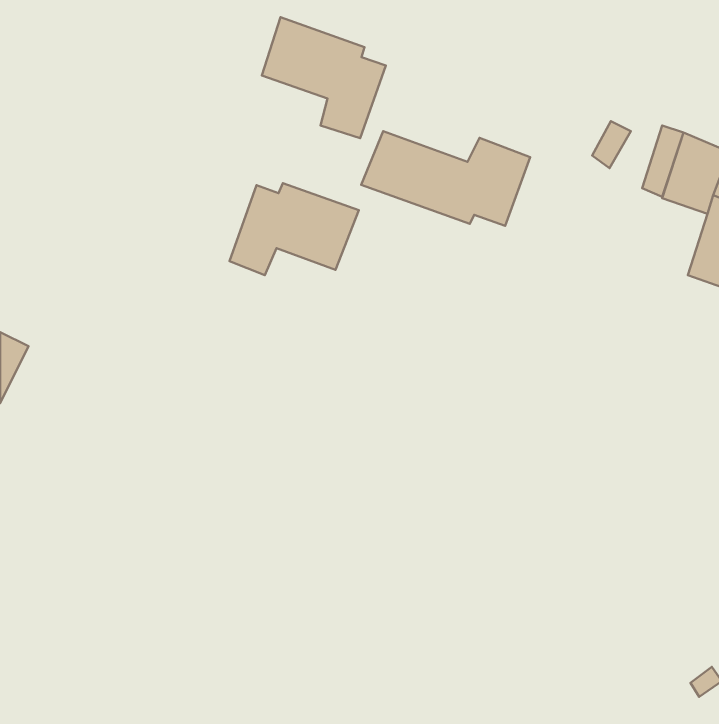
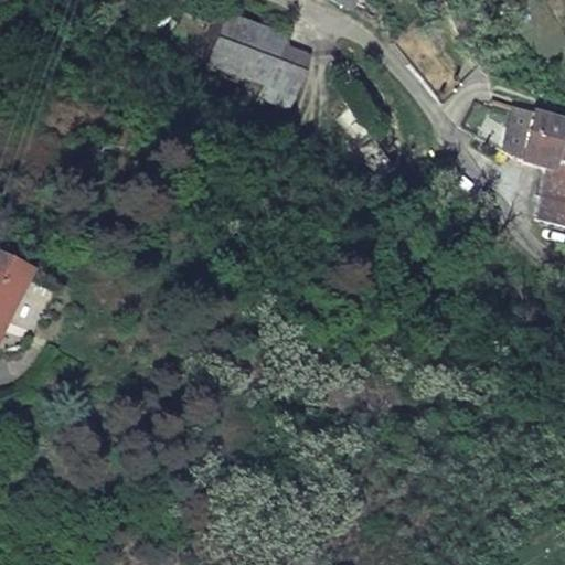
building: [361,131,530,226] -> none
building: [229,183,359,275] -> none

